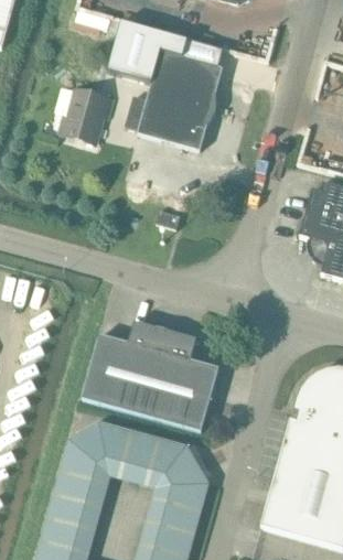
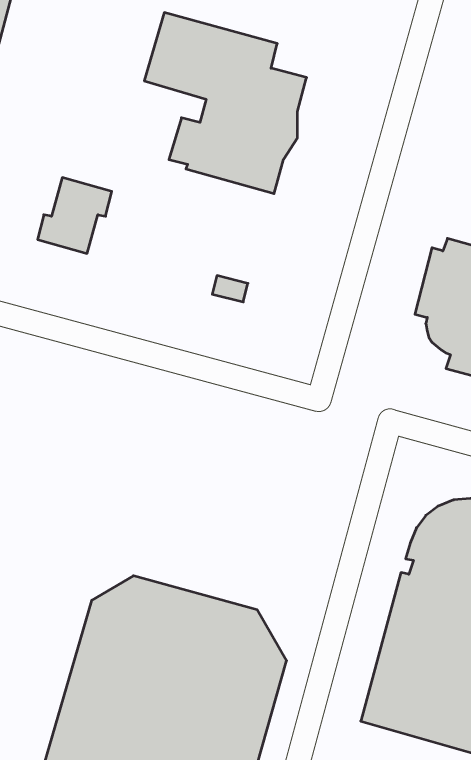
building: [60,87,112,141] -> [38,178,112,253]
building: [82,320,219,430] -> none

